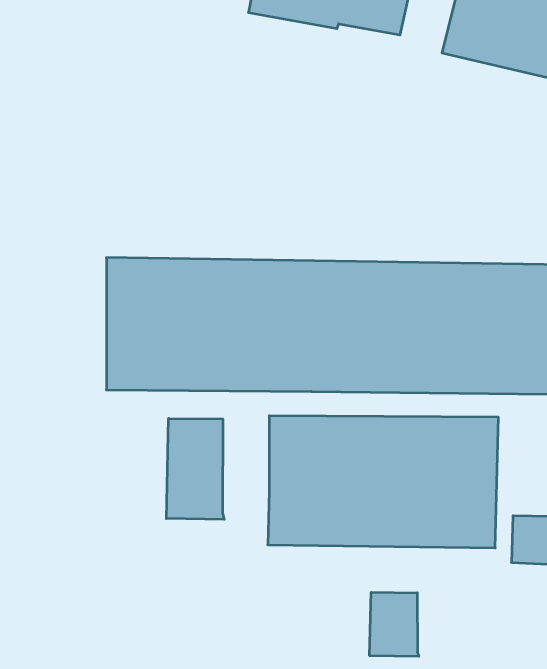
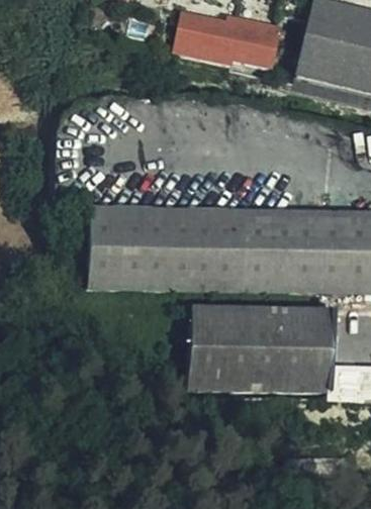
building: [166,418,224,519] -> none
building: [370,592,419,656] -> none

